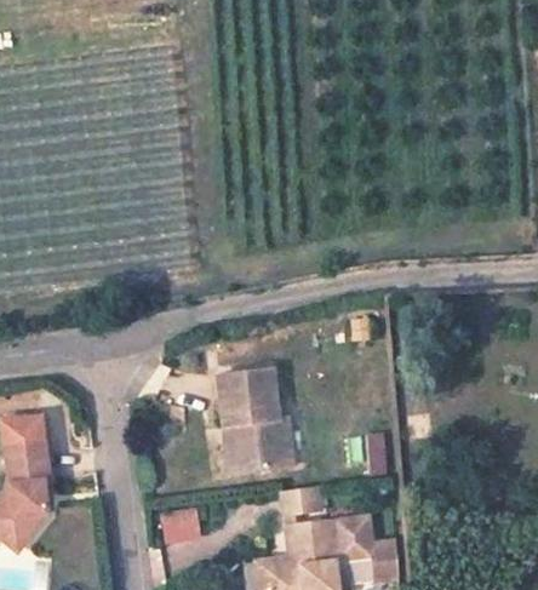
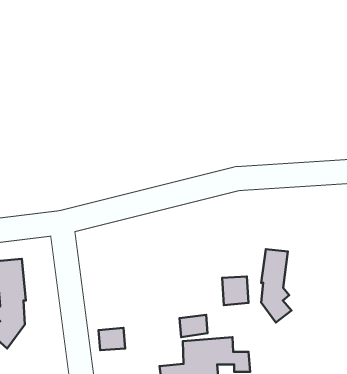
building: [219,368,298,474] -> none
building: none -> [261,249,291,322]

